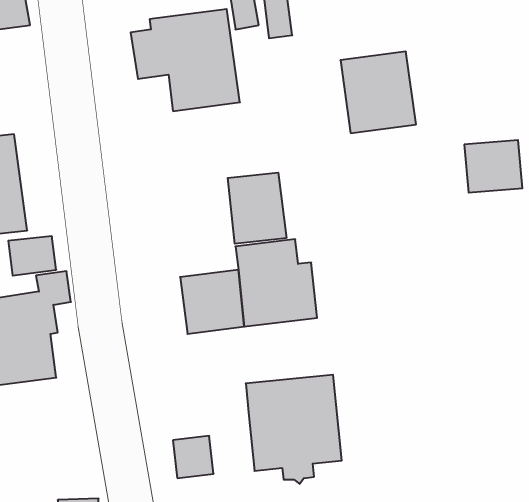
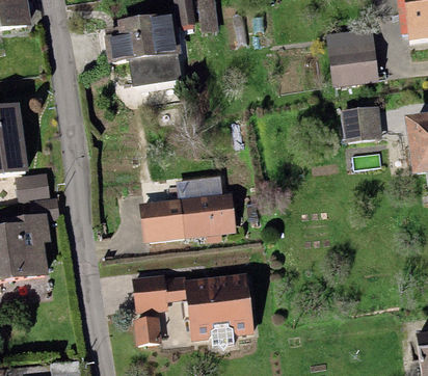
building: [340,52,416,133] -> [325,28,379,86]
building: [228,173,286,244] -> none
building: none -> [132,275,187,315]

